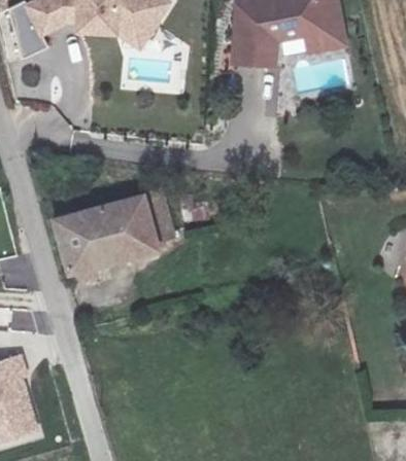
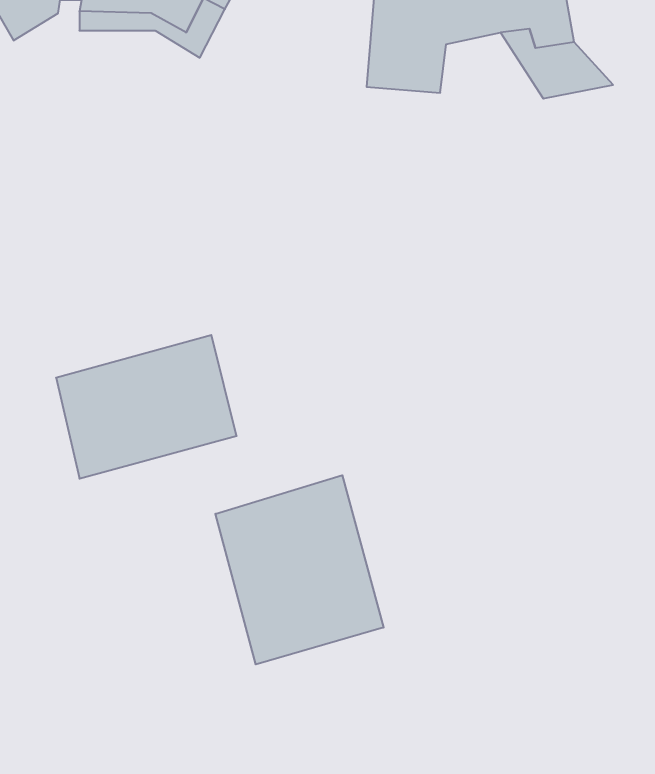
building: none -> [215,475,384,664]

